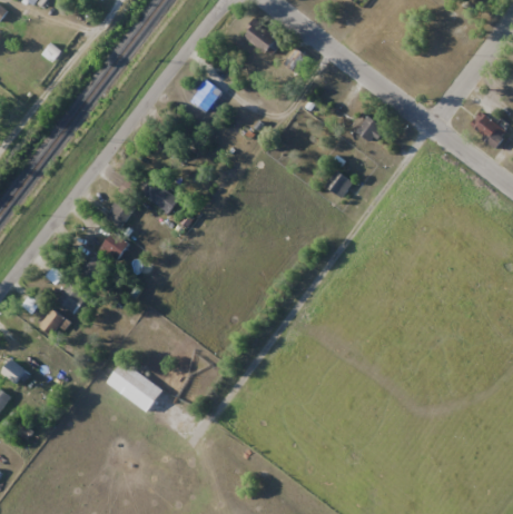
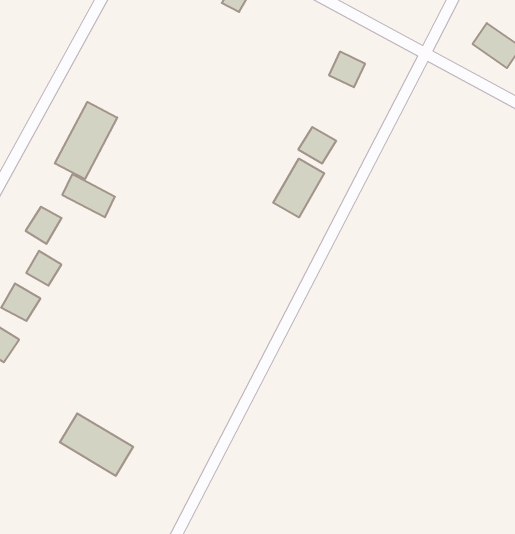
building: [189,79,221,113] -> none
building: none -> [55,102,117,179]
building: none -> [273,159,324,217]

